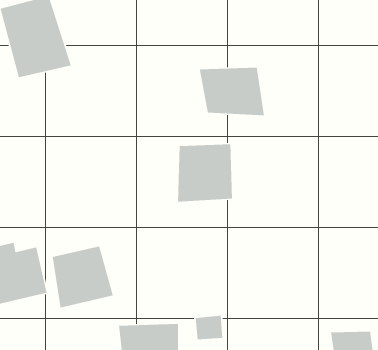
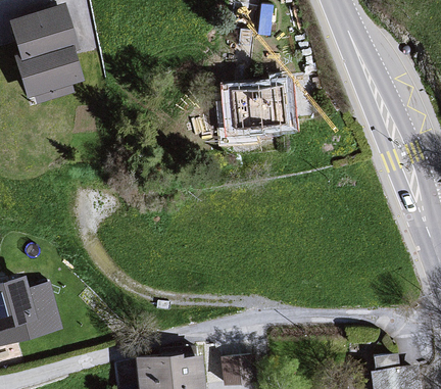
building: [177,143,233,203] -> none
building: [52,245,114,309] -> none

